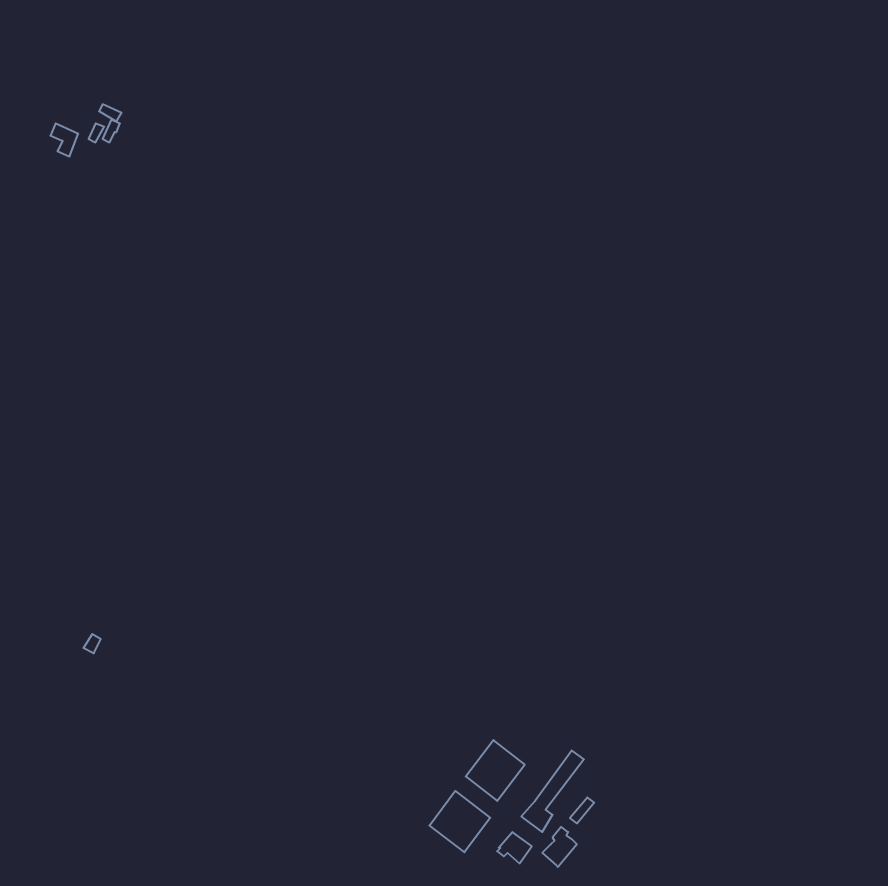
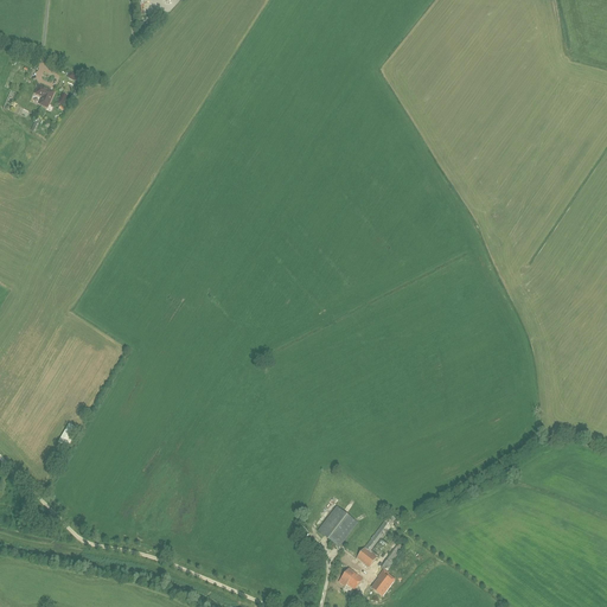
building: [429,791,490,852] -> none

